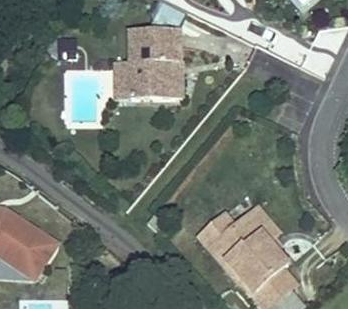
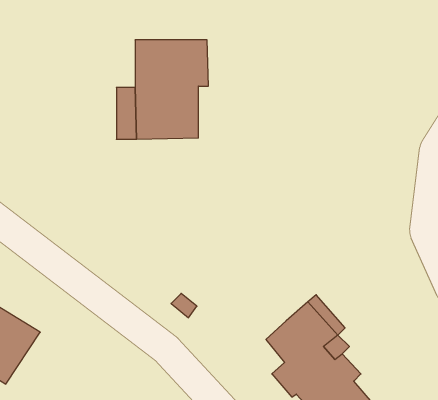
building: [199,215,233,264] -> none

